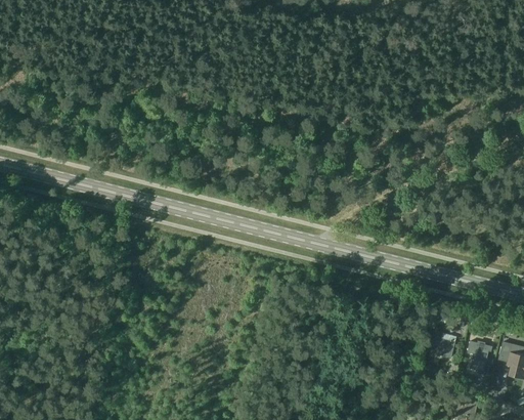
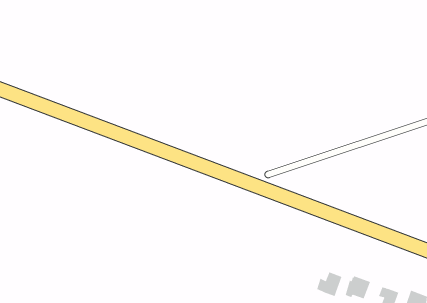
building: none -> [317,271,342,297]

